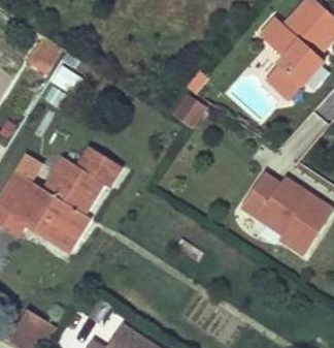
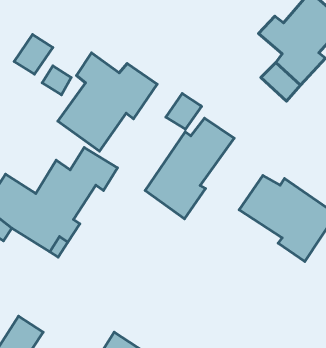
building: none -> [58,53,157,151]
building: none -> [145,118,234,219]

